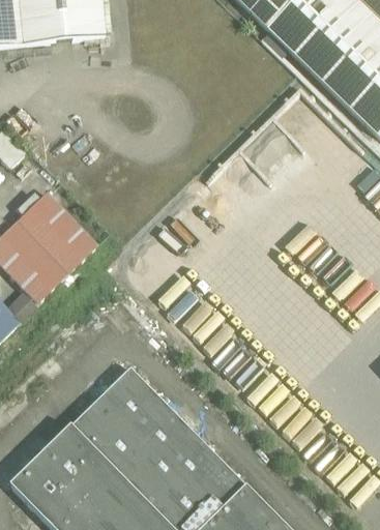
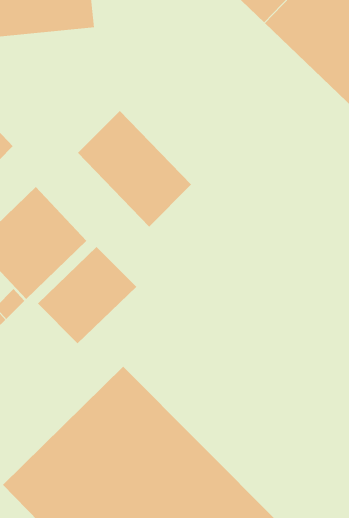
building: none -> [77,110,192,227]
building: none -> [37,246,137,344]

